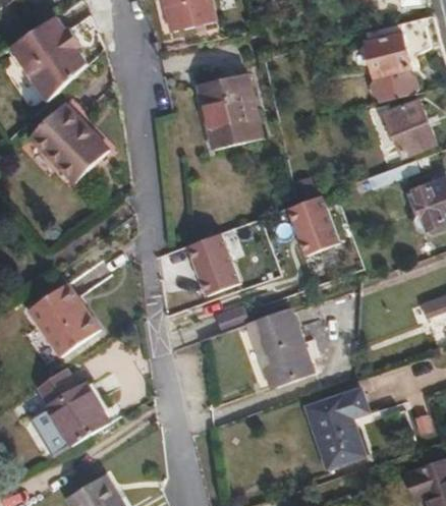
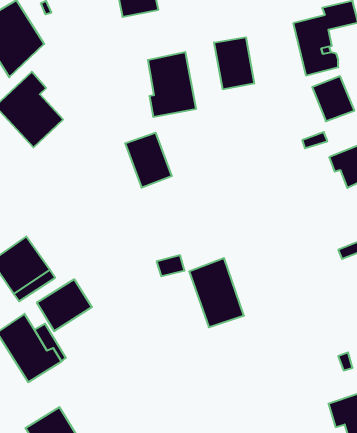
building: none -> [214,37,254,89]
building: [283,194,336,255] -> none
building: [182,233,235,295] -> [125,133,172,188]
building: none -> [37,279,92,331]
building: [306,388,369,466] -> none

